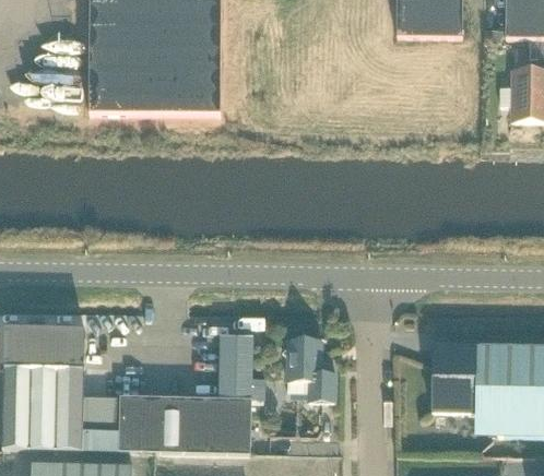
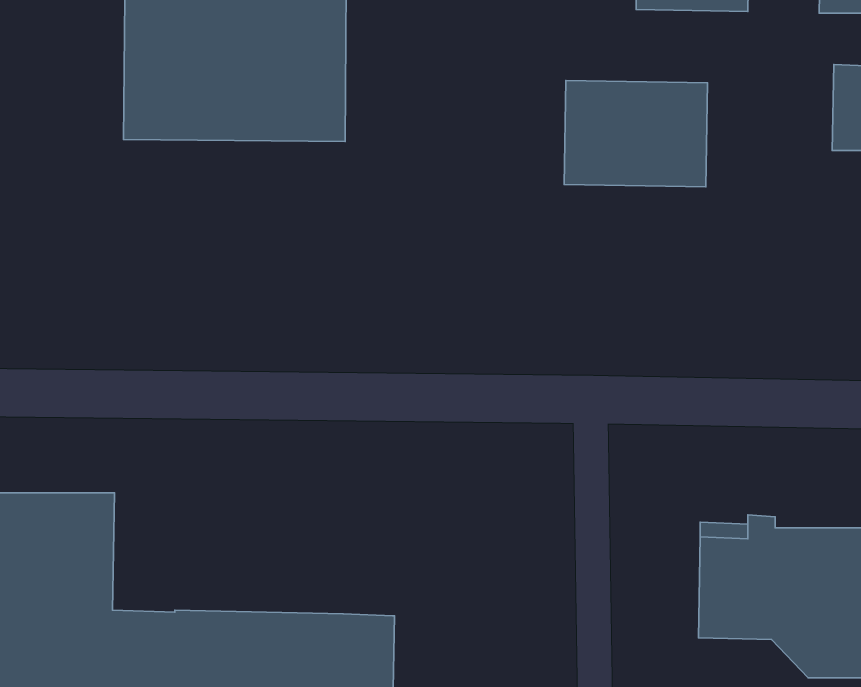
building: none -> [564,80,708,187]
building: [280,332,334,400] -> none
building: [220,333,252,397] -> none

